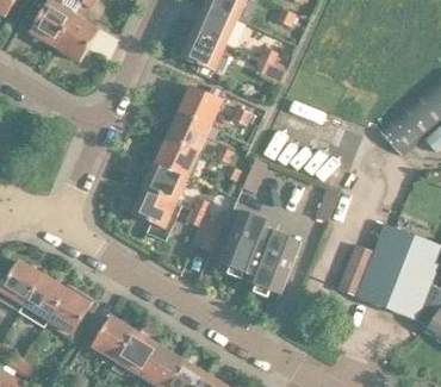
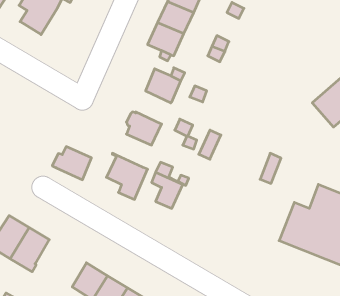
building: [56,14,100,61] -> none
building: [168,112,219,151] -> none
building: [141,163,187,202] -> [52,147,91,180]
building: [220,210,302,294] -> none
building: [49,285,93,331] -> none

